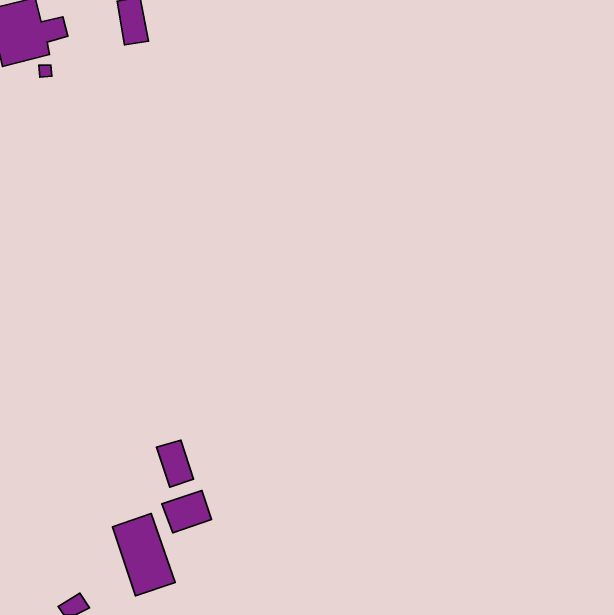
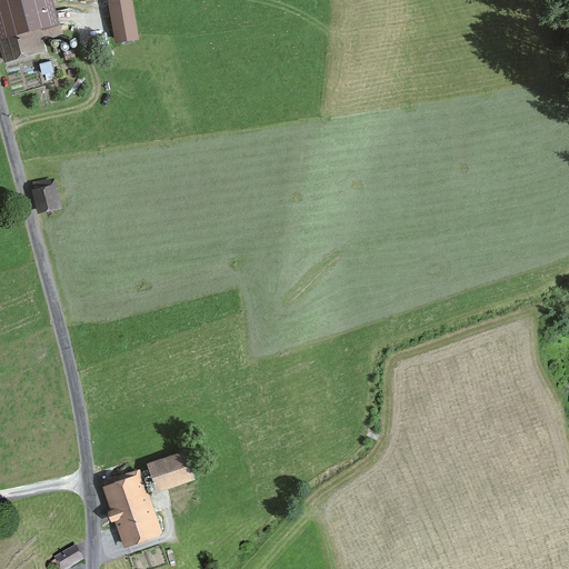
building: none -> [33,179,61,212]
building: [157,440,194,487] -> none

